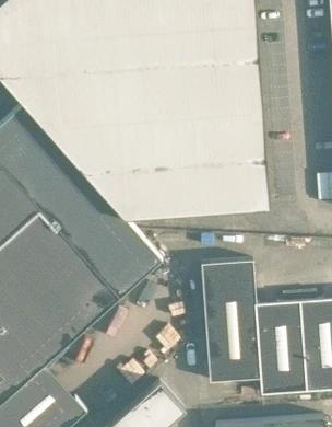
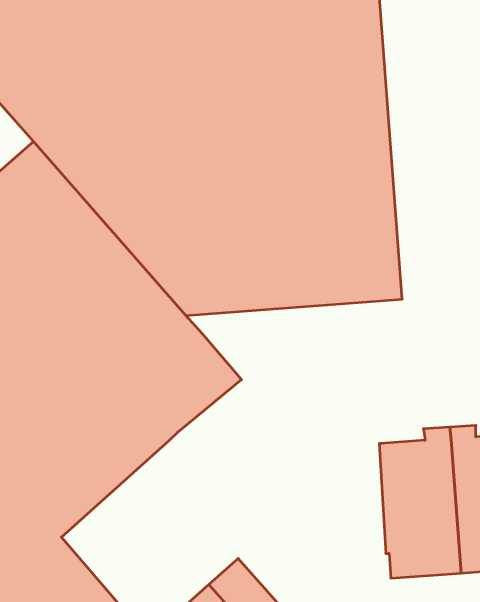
building: [201,258,258,380] -> none

